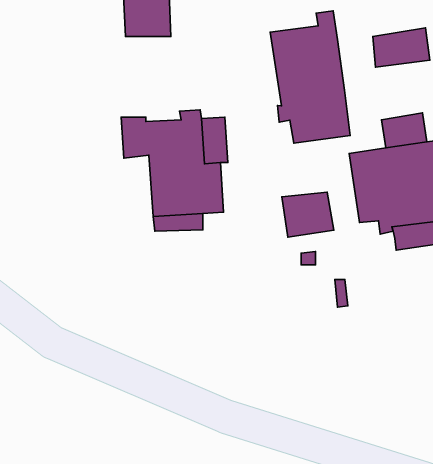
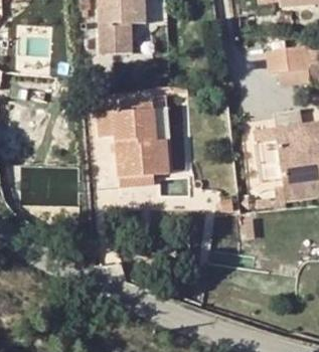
building: [270,11,350,143] -> none
building: [282,192,334,237] -> none

